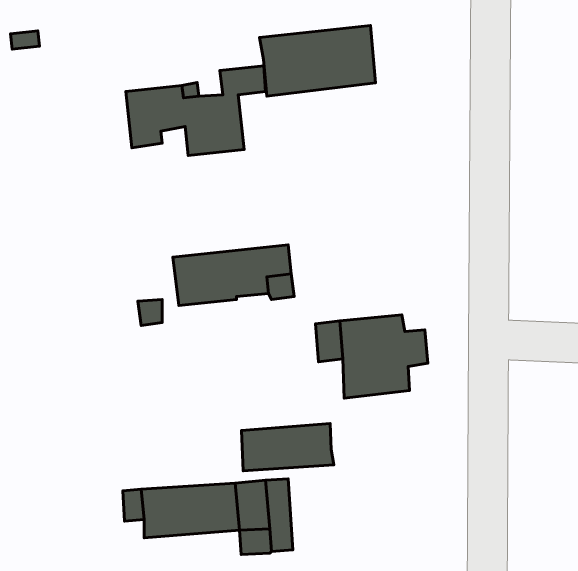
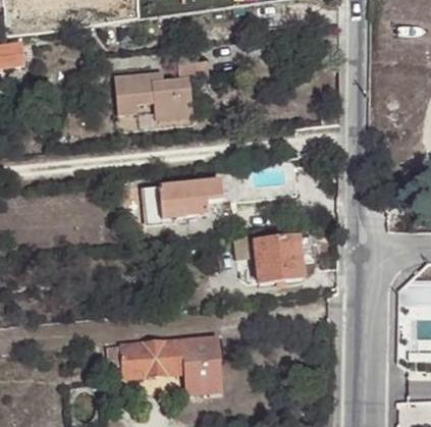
building: [259,26,376,96] -> none
building: [241,423,334,471] -> none

